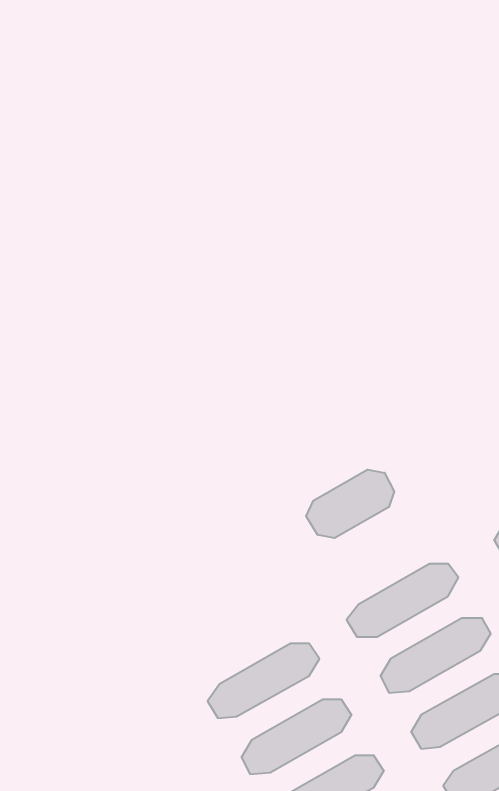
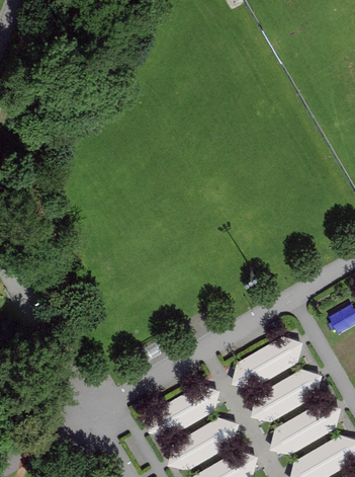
building: [306,470,394,538] -> none

